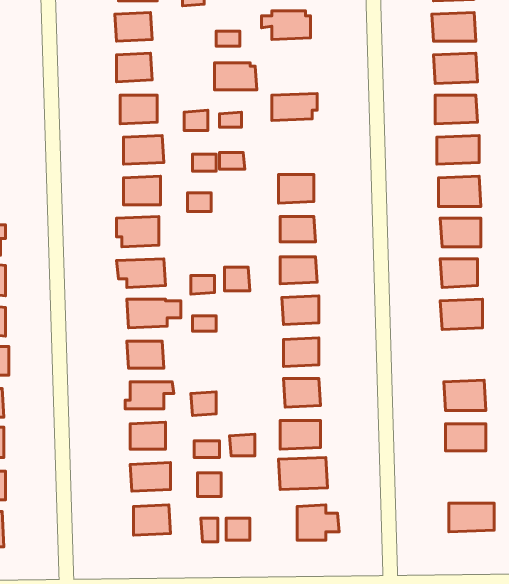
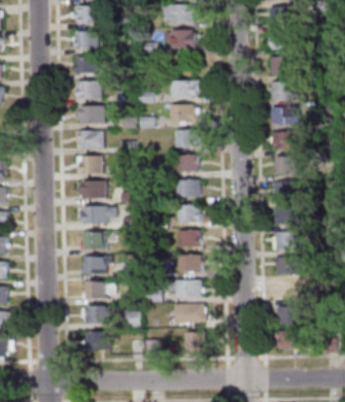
building: [215,63,257,90] -> [170,106,196,123]
building: none -> [275,233,301,250]
building: none -> [277,307,304,325]

